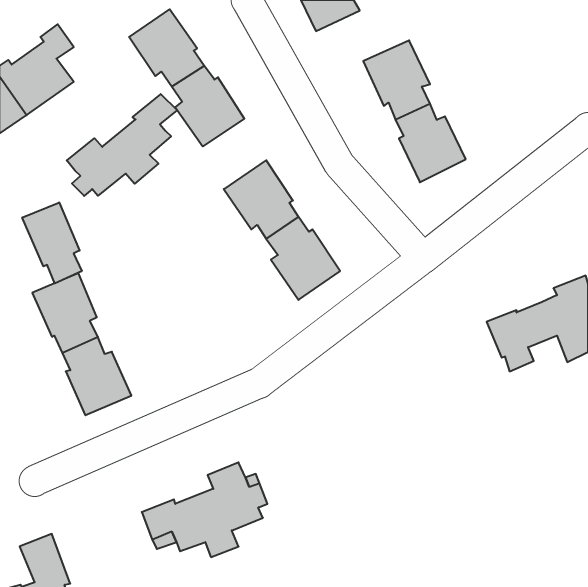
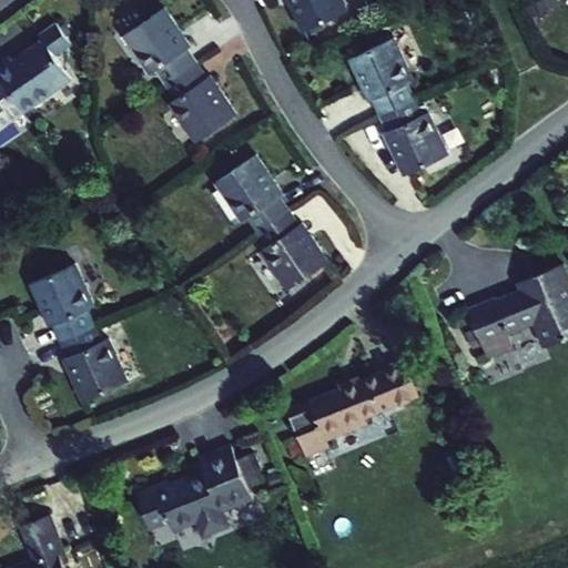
building: [67,94,177,196] -> none
building: [22,202,82,283] -> none
building: none -> [287,364,419,457]

